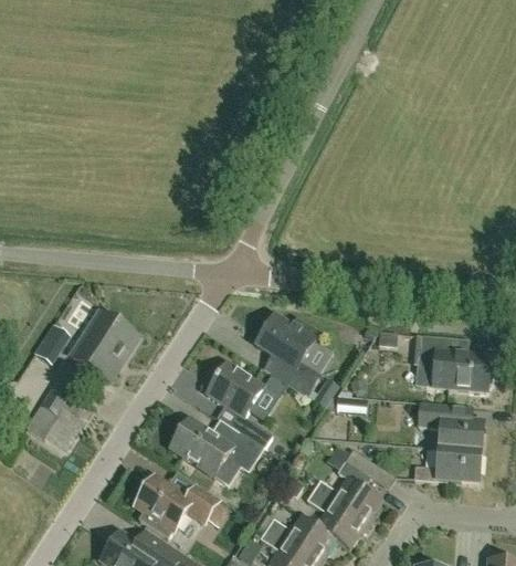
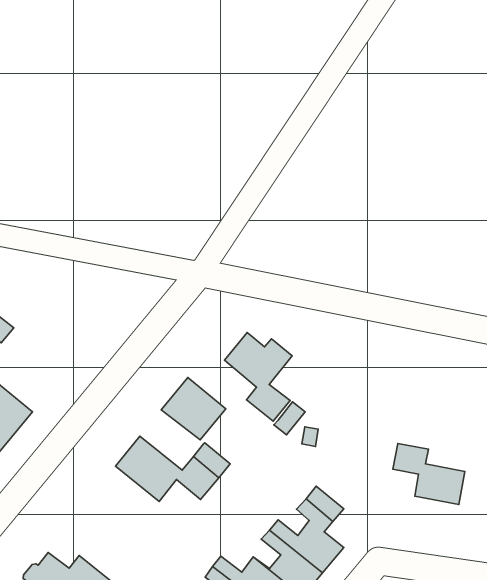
building: [70,310,138,380] -> none
building: [418,335,488,389] -> none
building: [413,448,480,481] -> none
building: [136,476,218,538] -> none

